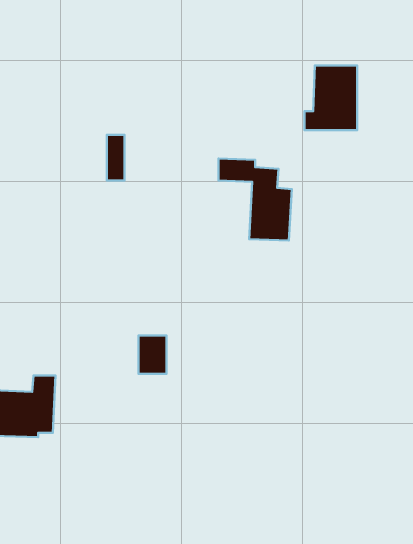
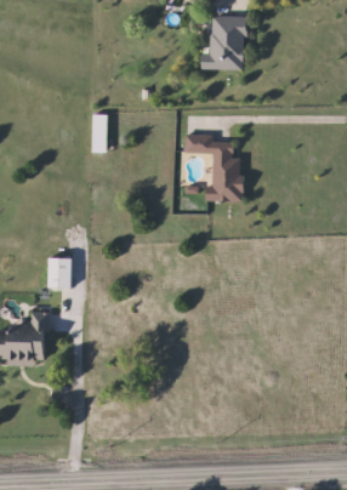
building: [304,66,357,130] -> [201,16,245,69]
building: [139,336,166,374] -> [49,257,72,289]

